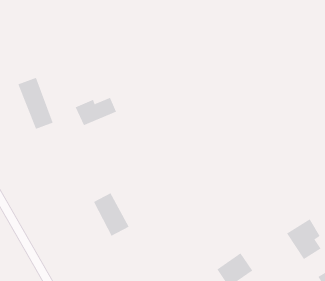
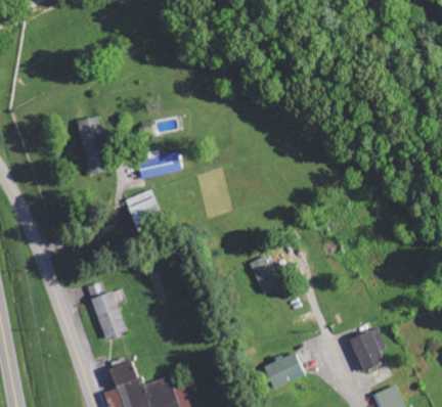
building: none -> [125,189,162,227]
building: none -> [249,256,278,295]
building: [93,192,130,236] -> [91,291,127,341]

